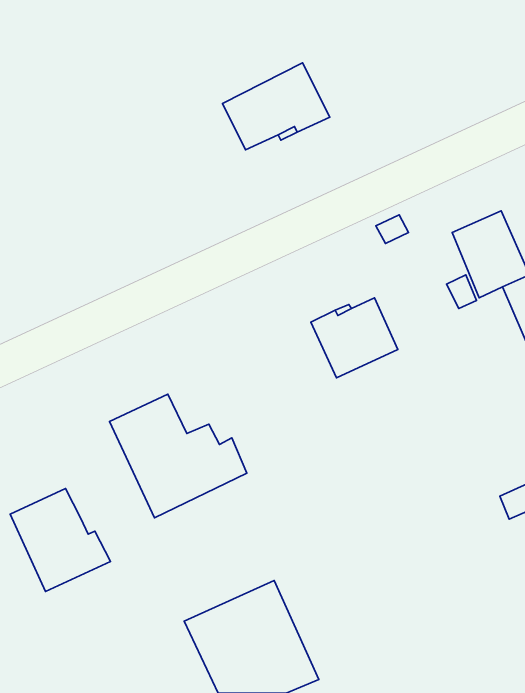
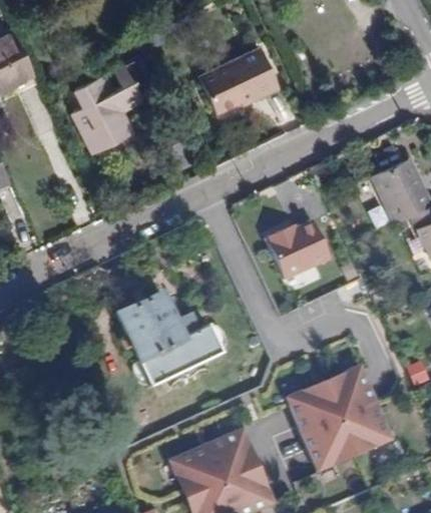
building: none -> [72,57,152,152]
building: [10,488,110,592] -> none
building: none -> [288,366,393,471]

